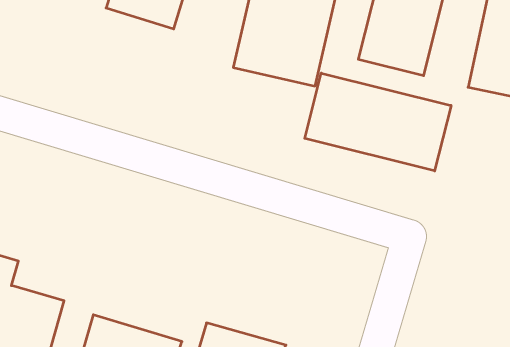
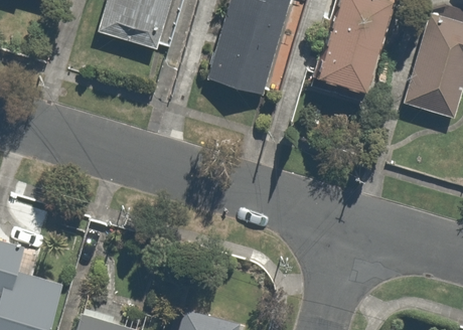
building: [305,73,451,171] -> none

